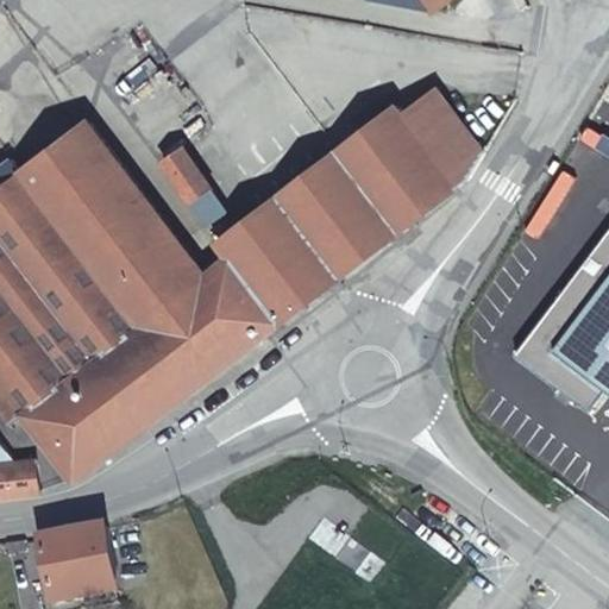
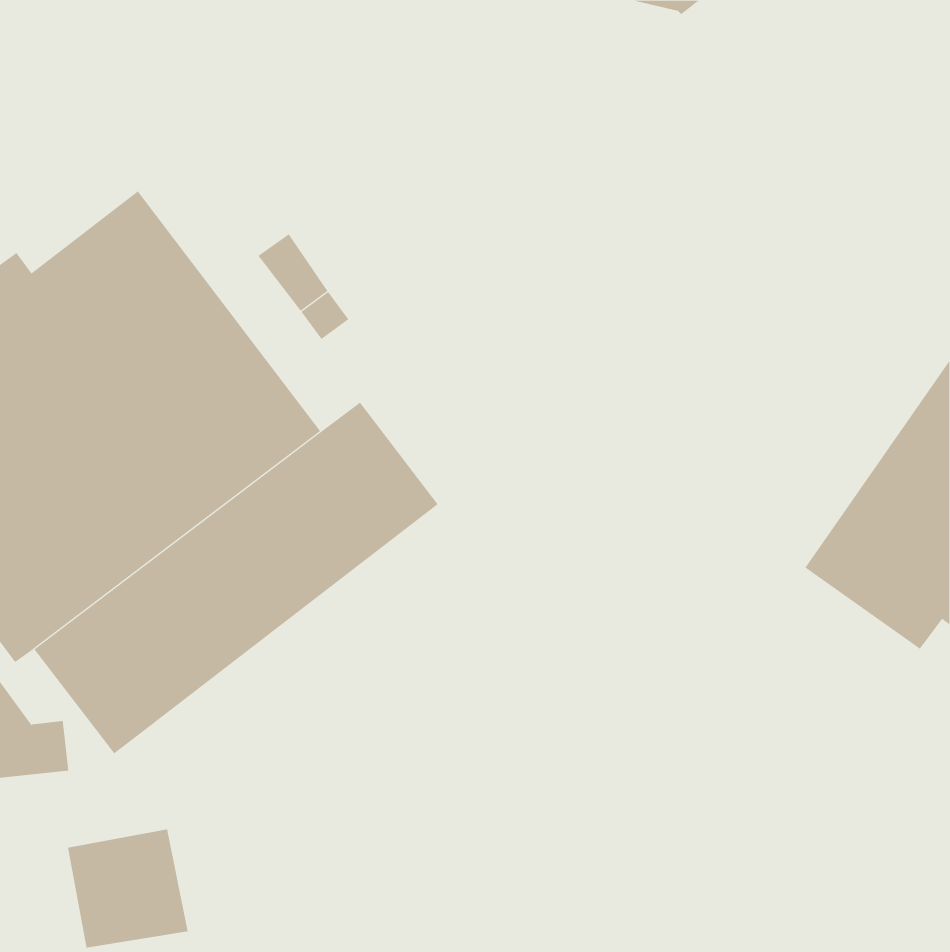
building: [218,88,483,322] -> none

